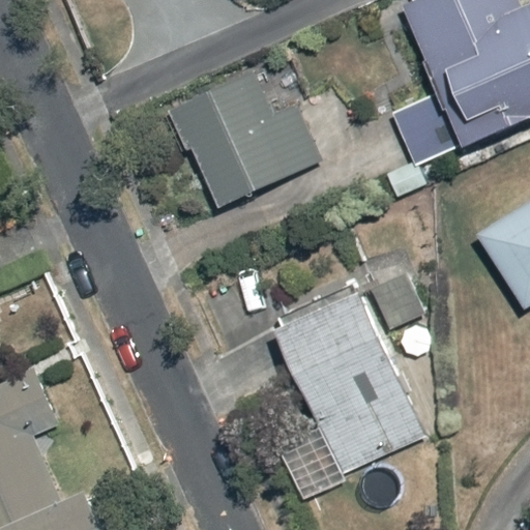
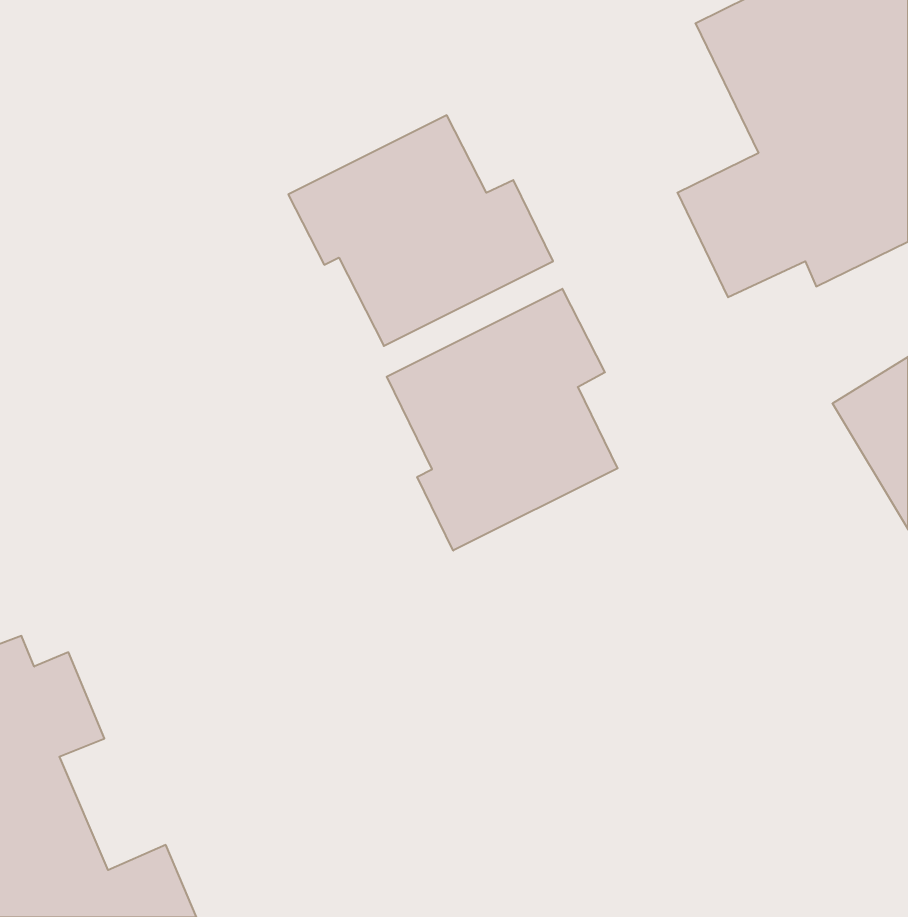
building: none -> [387,289,618,551]
building: [282,265,431,473] -> none

